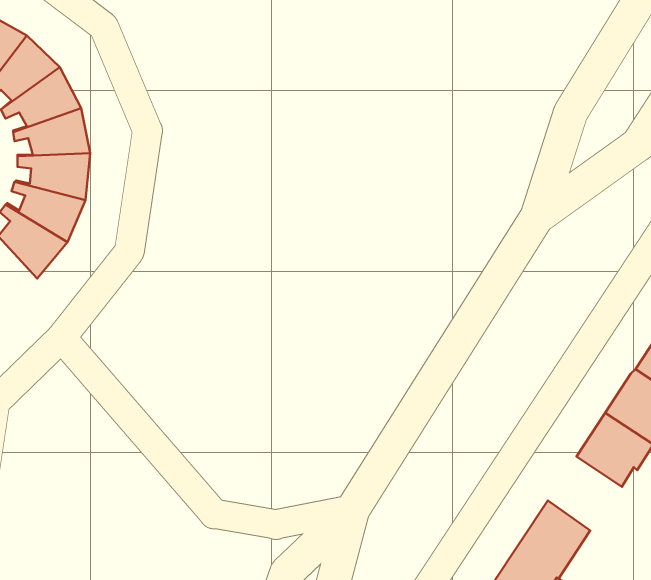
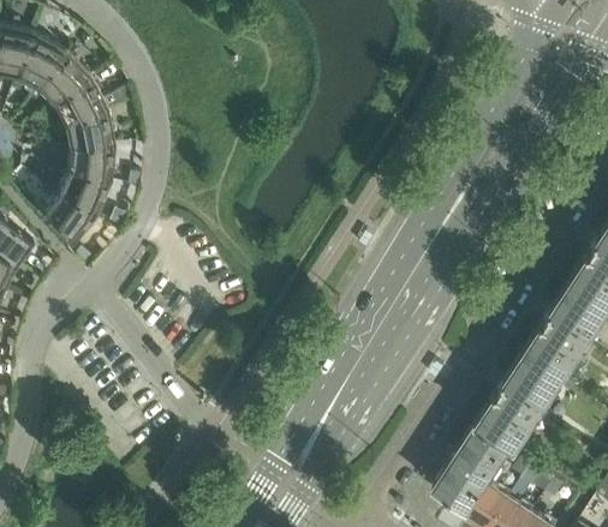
building: none -> [479,388,538,449]

